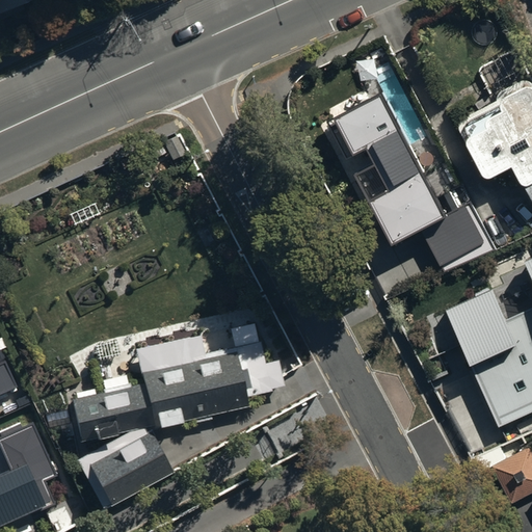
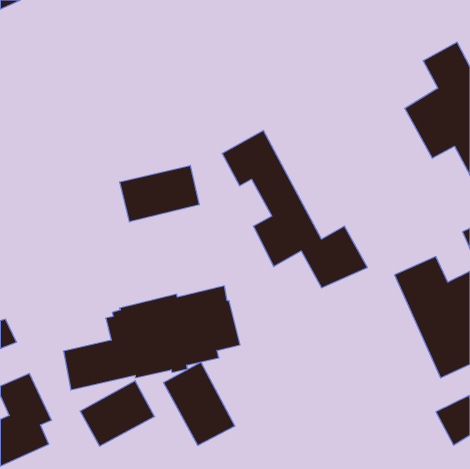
building: [332,95,497,272] -> [222,131,367,288]
building: none -> [120,165,199,222]
building: none -> [164,362,235,445]

